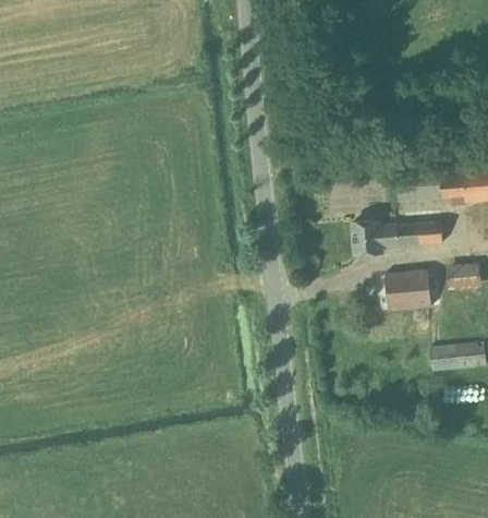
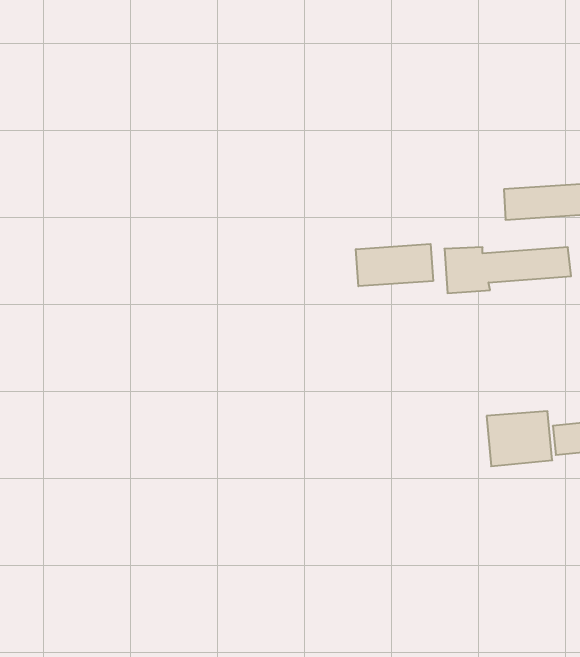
building: none -> [356,244,433,286]
building: [385,272,431,311] -> [487,411,552,466]

